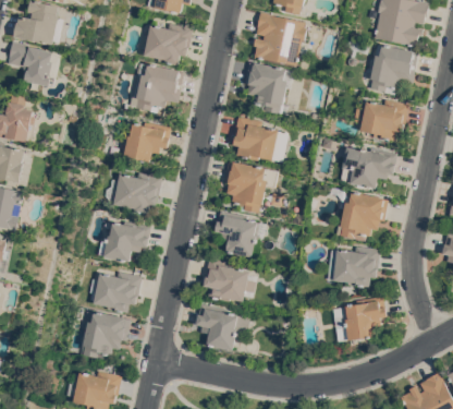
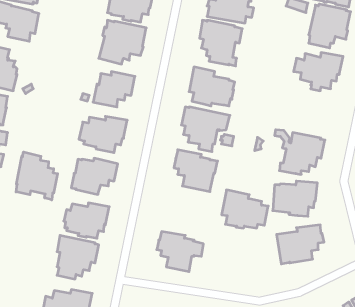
building: [340,146,397,188] -> none
building: none -> [16,152,58,200]
building: [204,257,257,301] -> [222,190,268,228]

